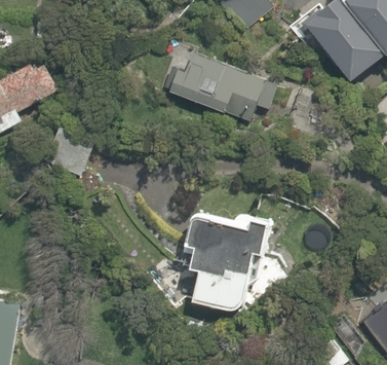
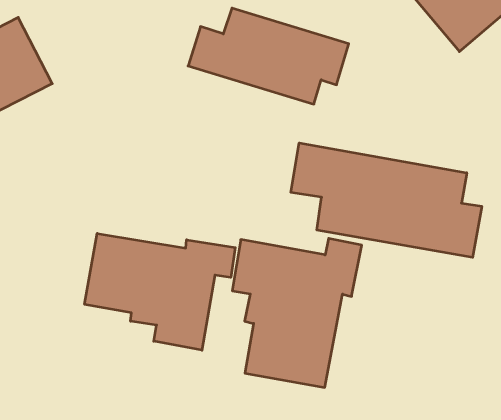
building: none -> [291,143,482,257]
building: none -> [85,233,235,350]

